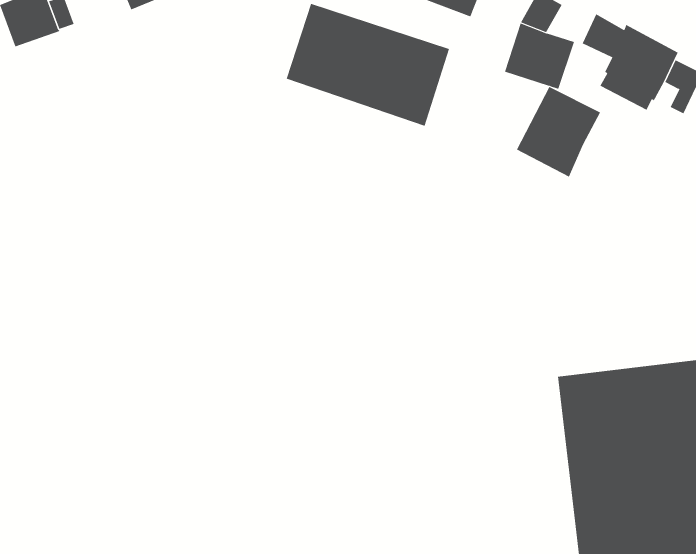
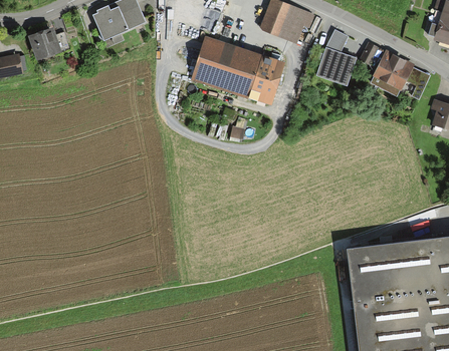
building: [516,86,601,178] -> none

